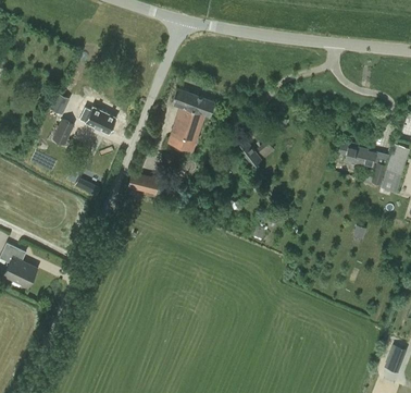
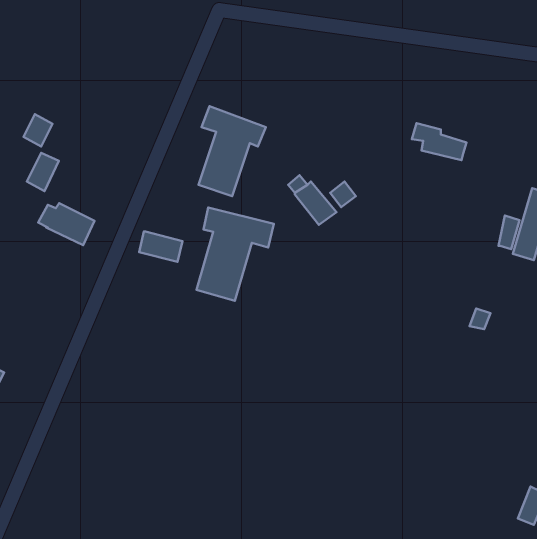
building: [76,105,114,133] -> [38,203,94,245]
building: [338,142,375,167] -> [412,123,466,160]
building: none -> [196,208,274,301]

